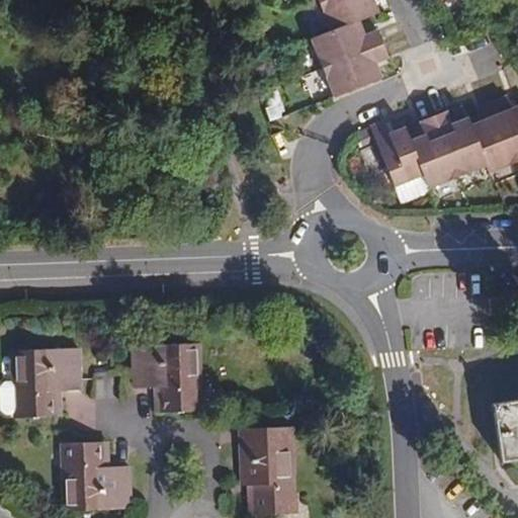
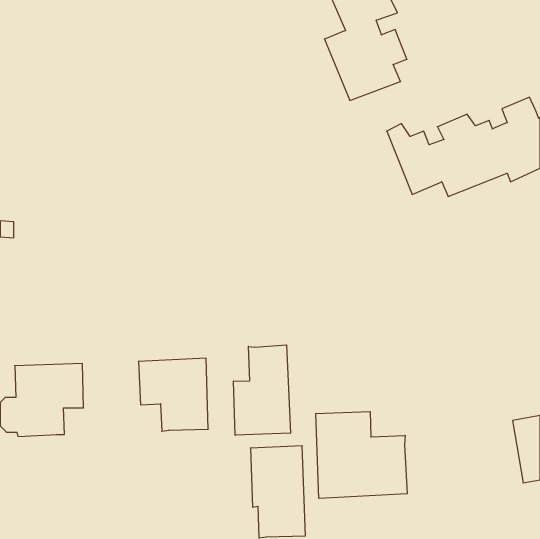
building: none -> [233,345,290,435]
building: none -> [316,412,407,498]
building: [65,441,132,510] -> none

